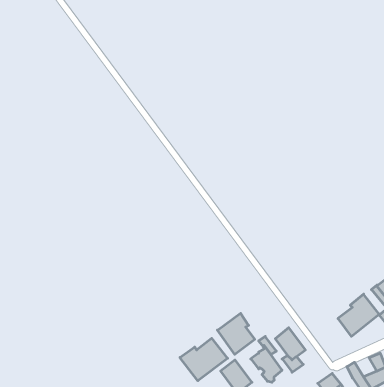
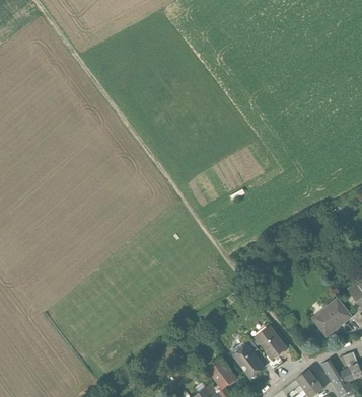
building: [217,313,255,354] -> none
building: [180,338,228,381] -> none

